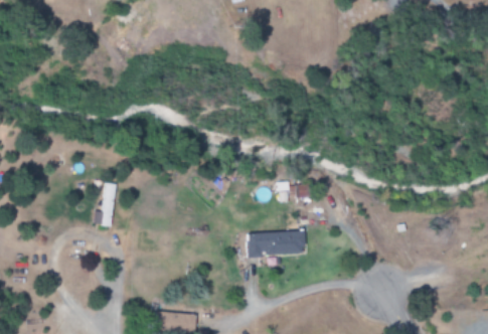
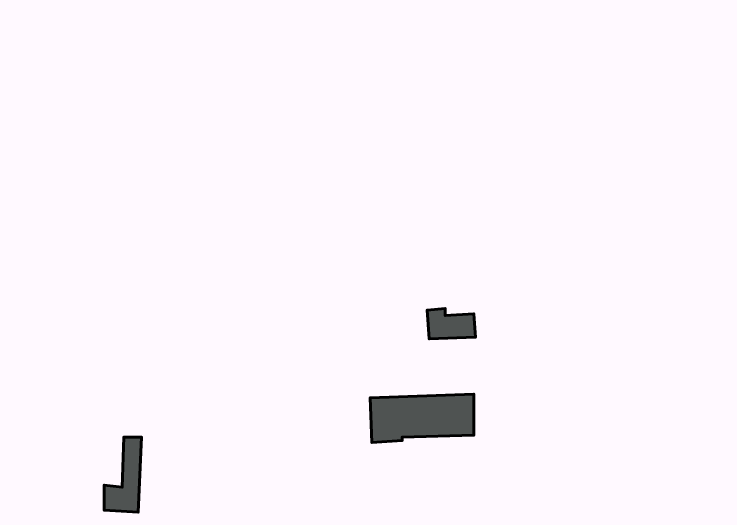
building: [94,184,115,226] -> [104,437,142,512]

